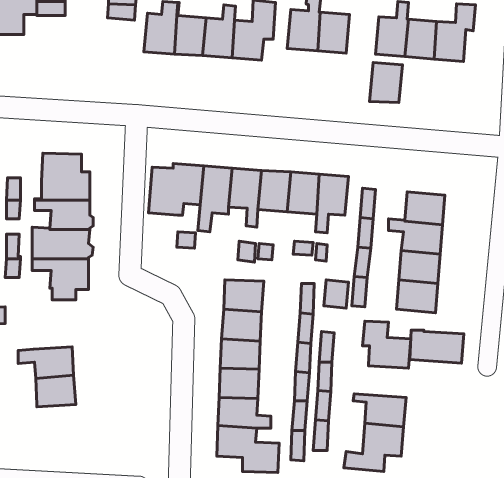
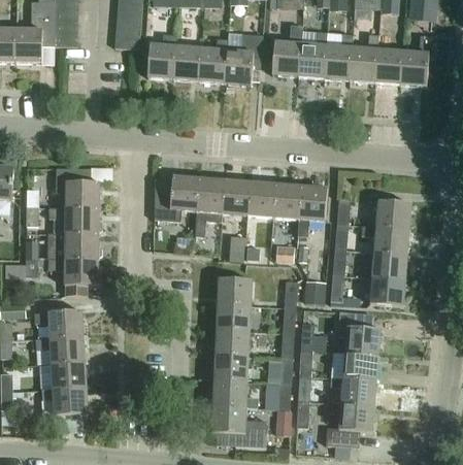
building: [369,63,402,103] -> [324,45,353,80]
building: none -> [34,310,84,339]
building: [410,330,464,363] -> [331,353,378,381]
building: none -> [41,388,89,417]

